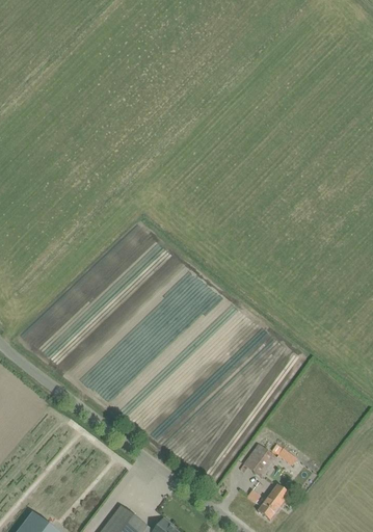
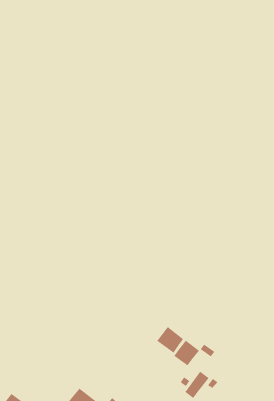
building: none -> [156,326,184,354]

